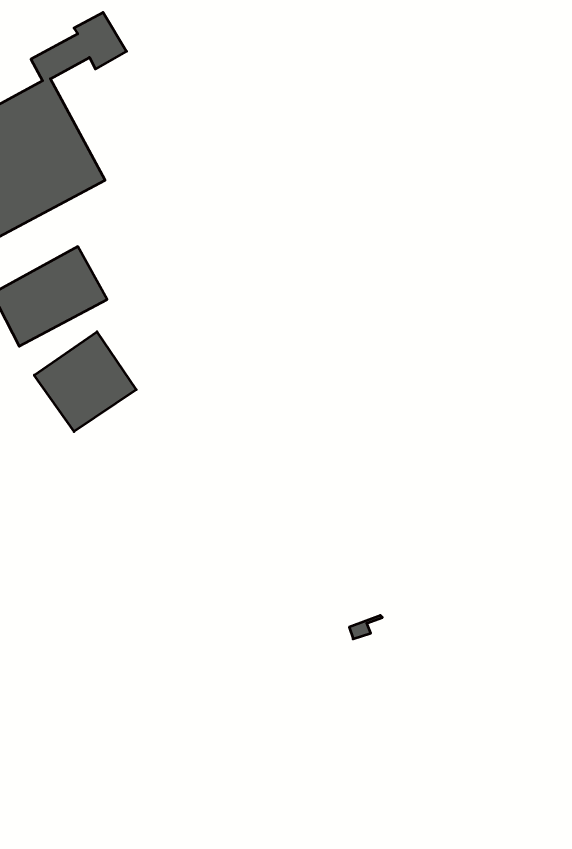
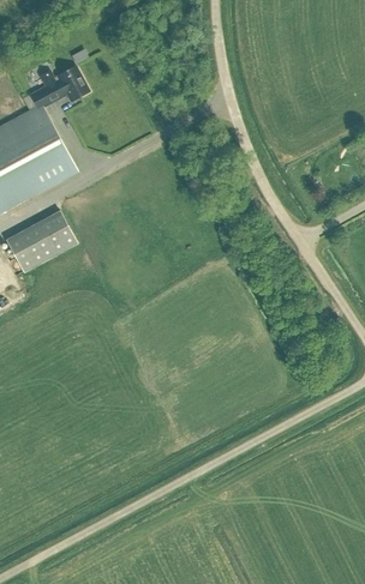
building: [34,332,136,432] -> none

